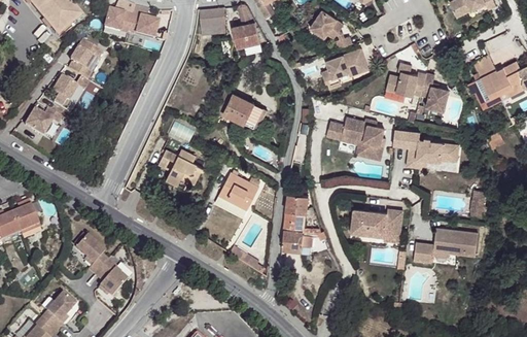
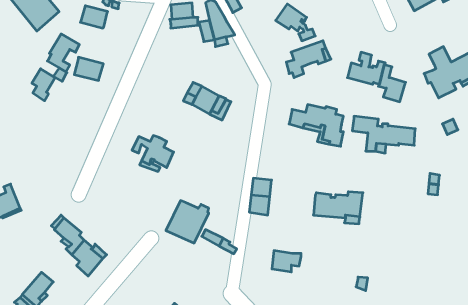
building: [129,14,160,39] -> [74,57,103,80]
building: [26,109,63,138] -> none
building: [214,174,259,220] -> [166,201,209,243]
building: [414,227,479,263] -> none
building: [281,230,312,252] -> [272,251,301,272]

